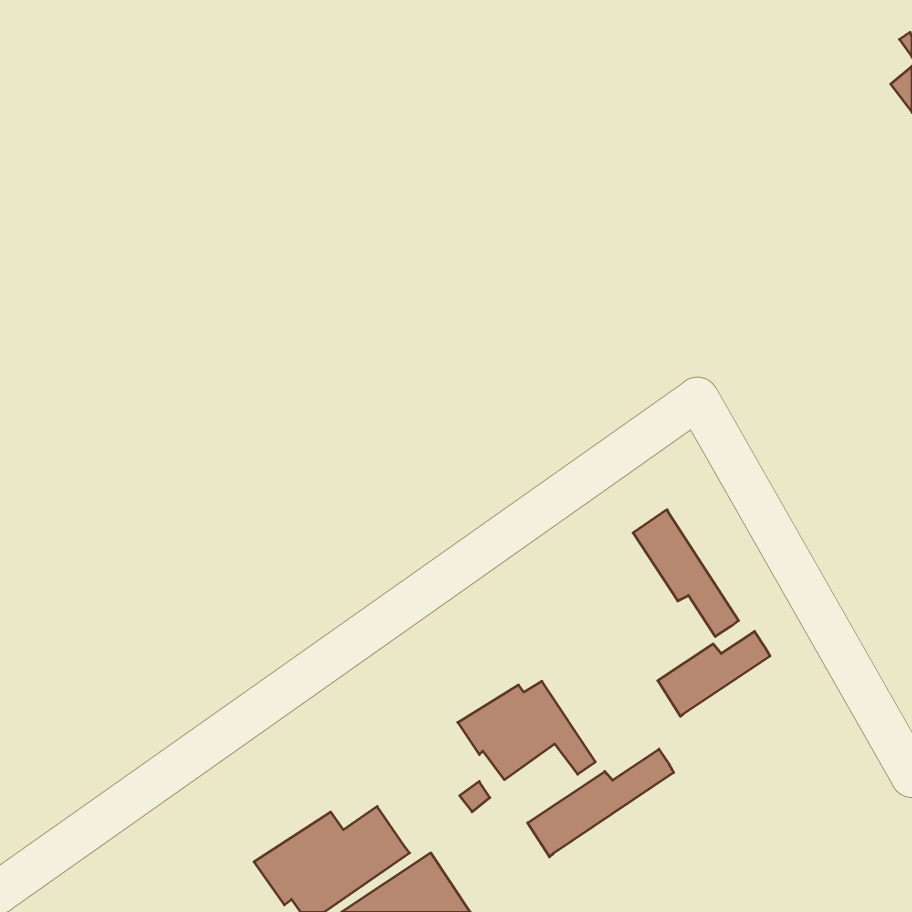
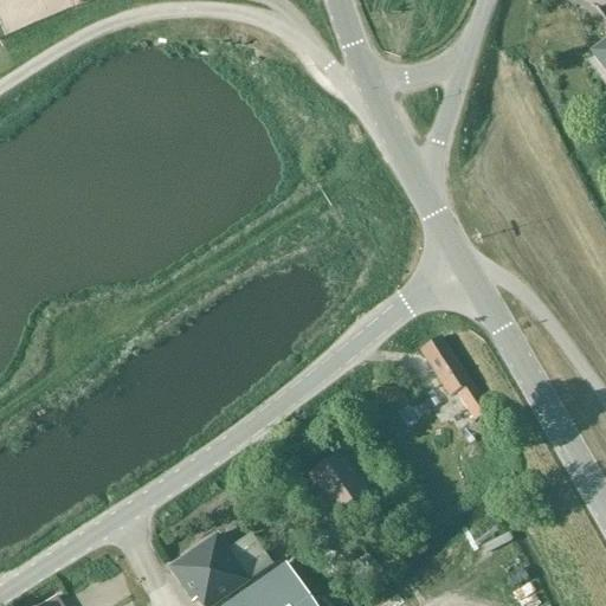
building: [658,631,770,716] -> none
building: [528,749,674,857] -> none

